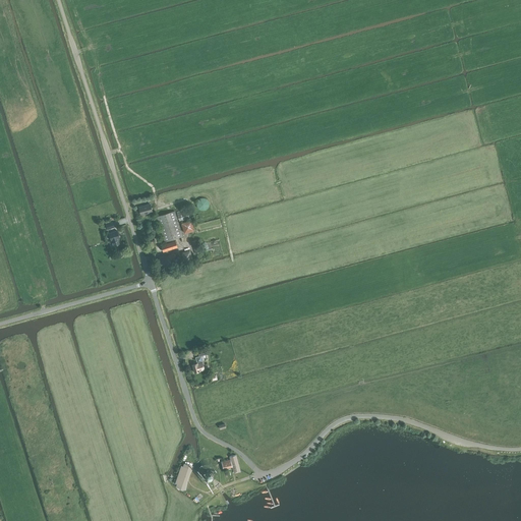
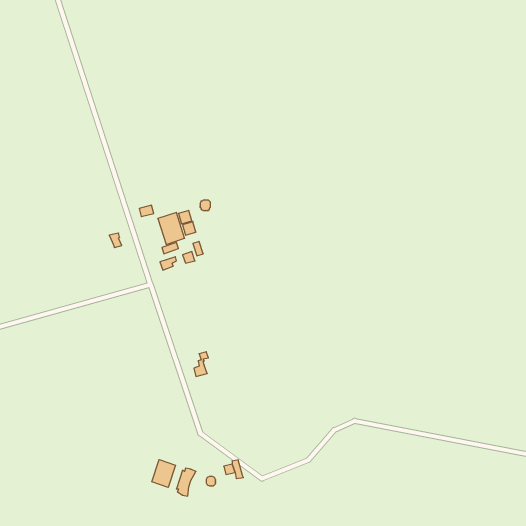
building: none -> [152,460,176,487]

